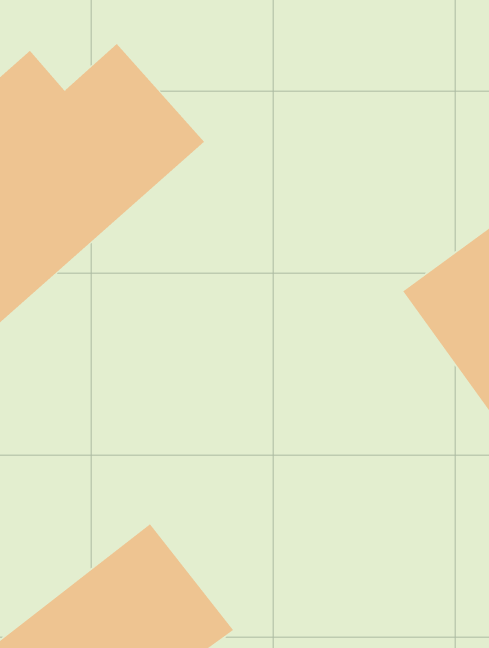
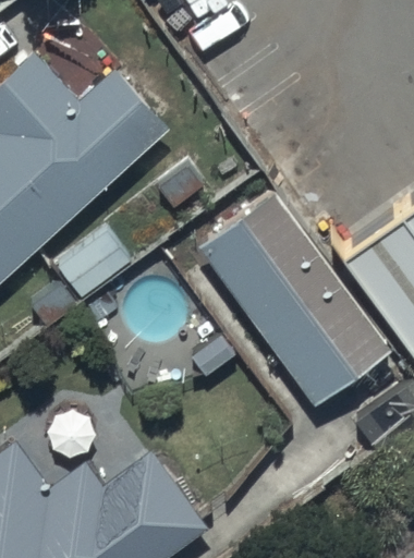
building: none -> [204,210,386,407]

